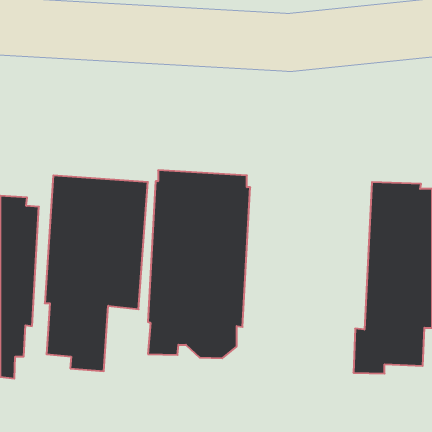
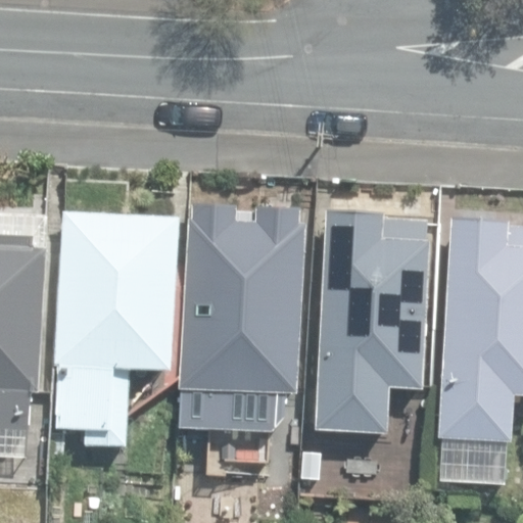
building: none -> [317,213,429,432]

